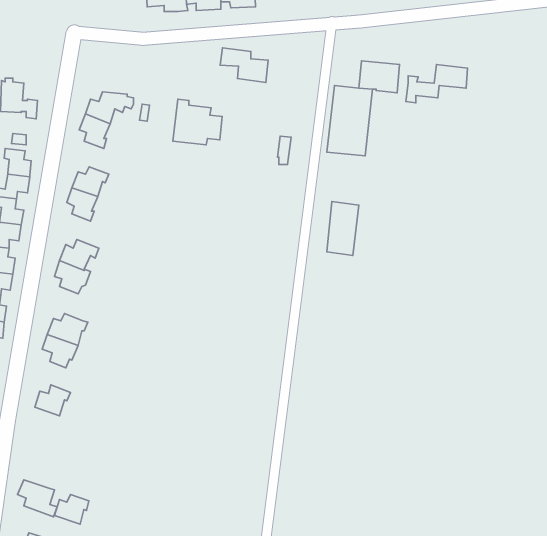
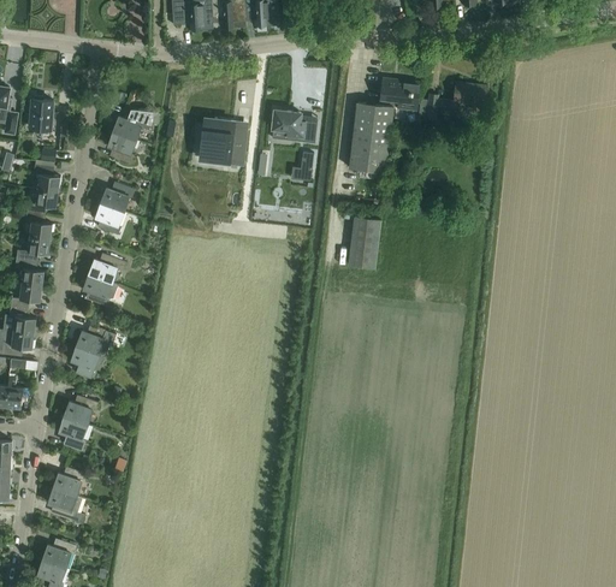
building: [220,48,268,82] -> [270,109,316,143]
building: none -> [57,417,87,450]
building: [54,495,89,524] -> [52,468,85,497]

